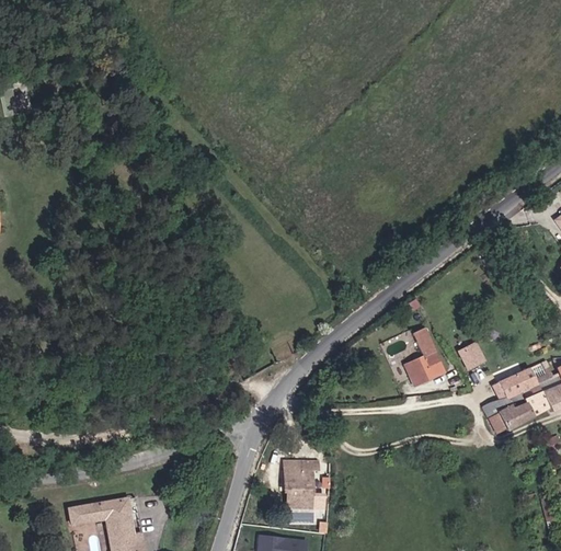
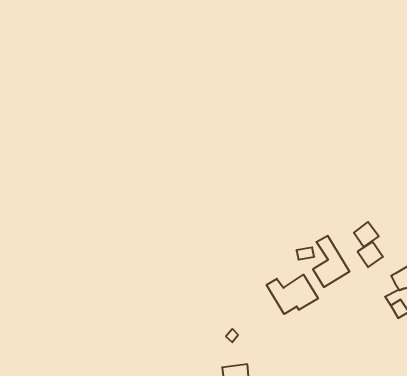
building: none -> [354,222,379,247]
building: none -> [267,275,318,314]

